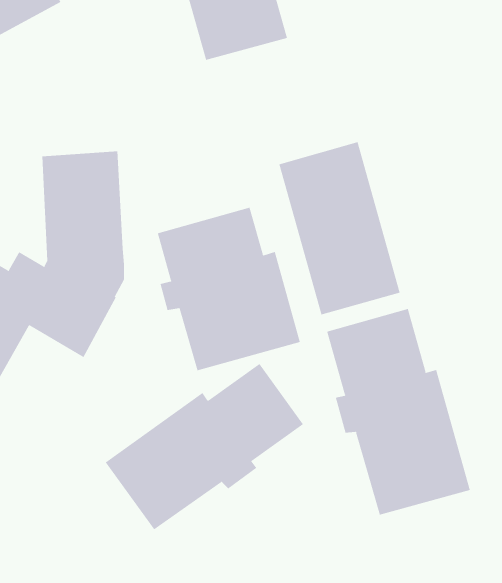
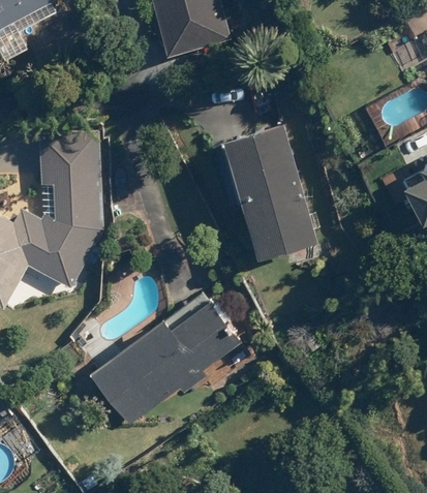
building: [157,207,301,371] -> none
building: [327,308,470,515] -> none

